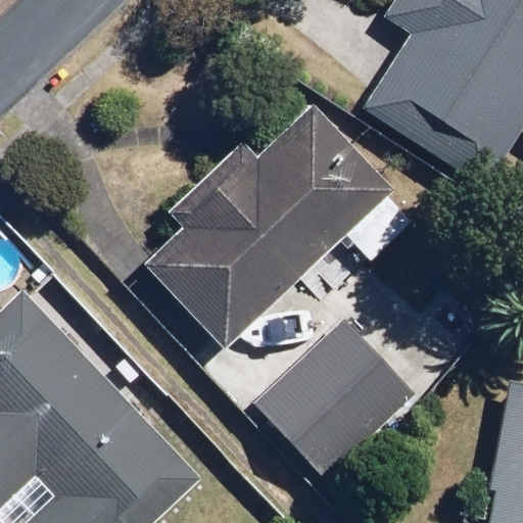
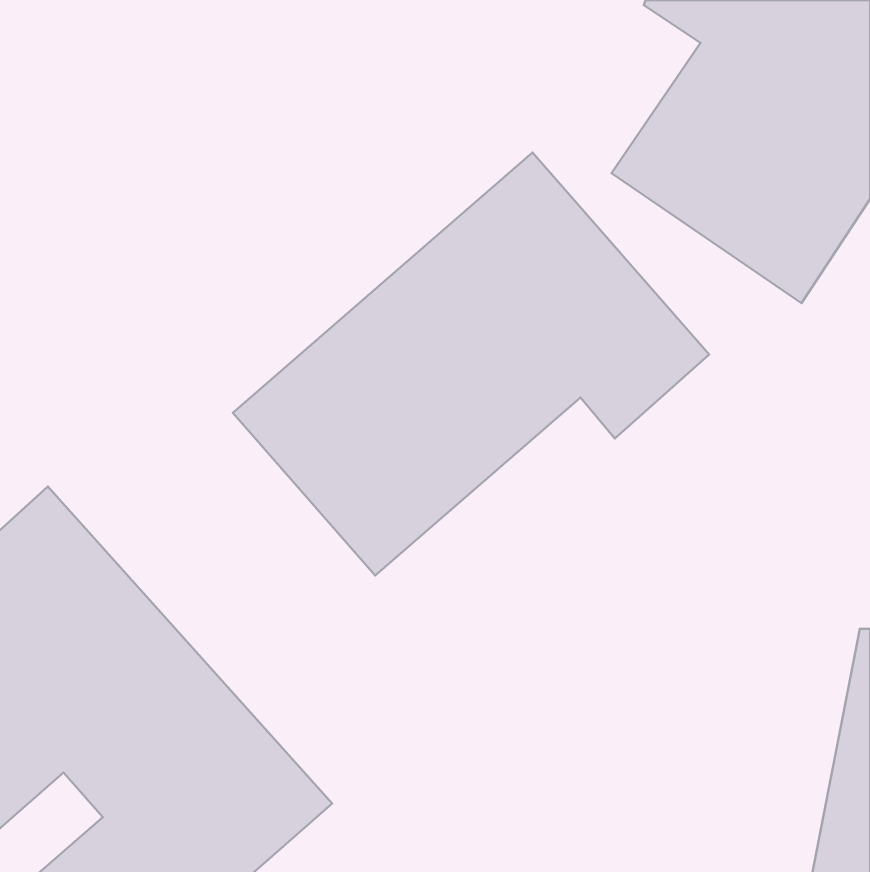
building: [245,307,426,488] -> none

